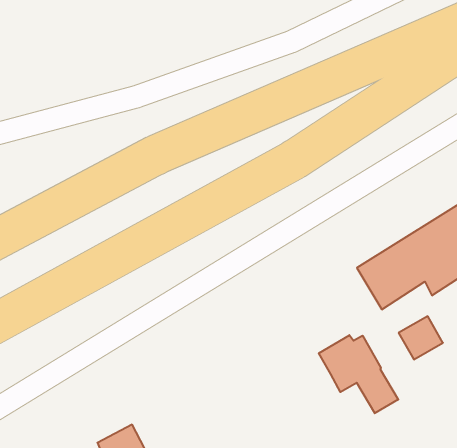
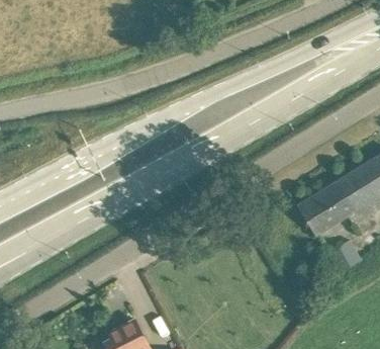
building: [319,335,398,413] -> none

